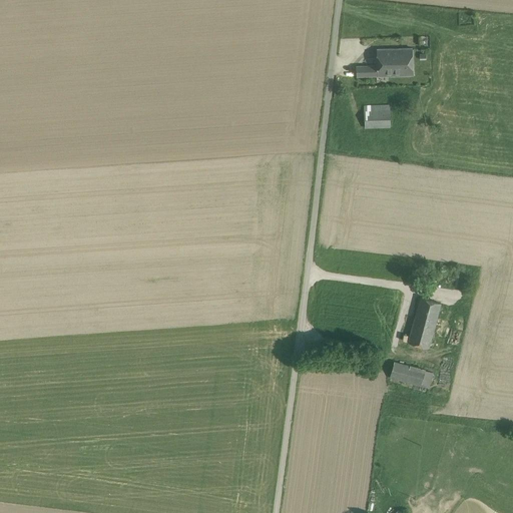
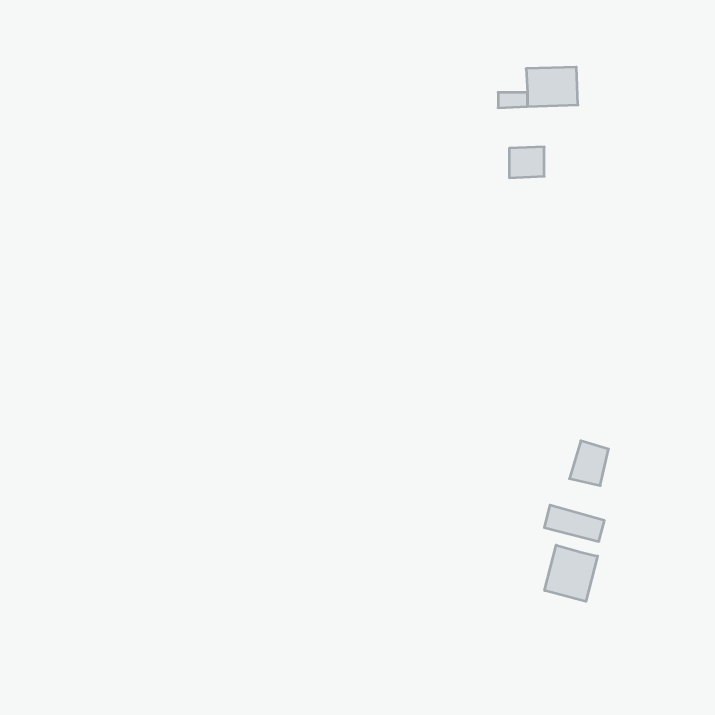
building: [416,298,441,322] -> none
building: none -> [545,545,598,601]

